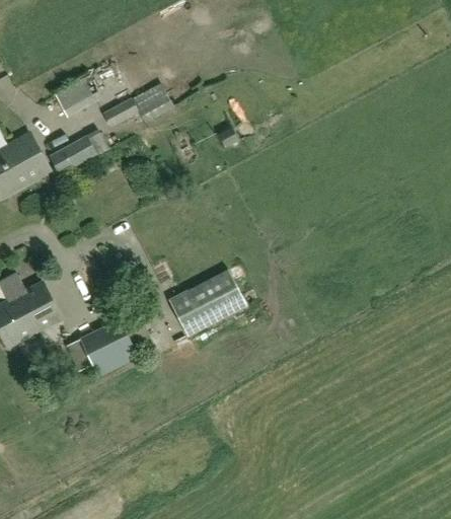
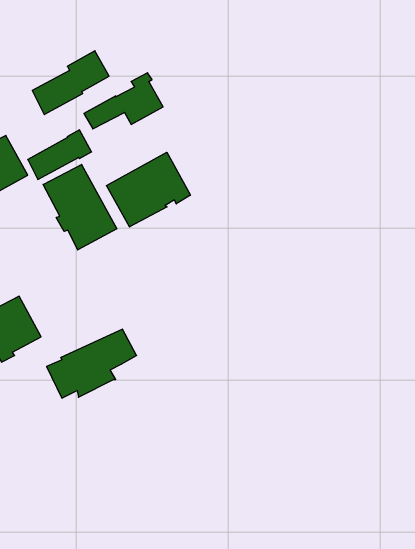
building: none -> [106,152,190,227]
building: none -> [43,164,117,250]
building: [167,270,245,337] -> none

